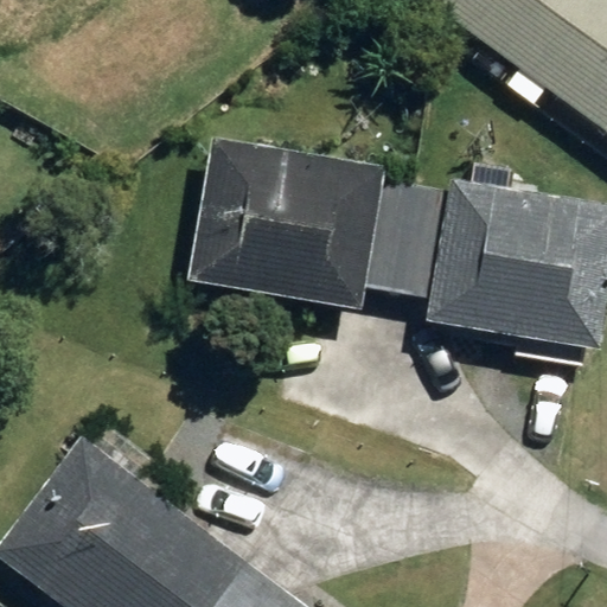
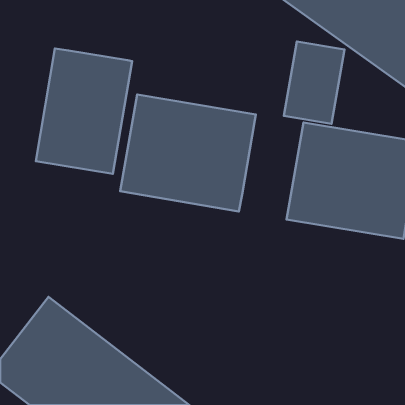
building: none -> [36,48,132,174]
building: [366,177,455,298] -> [284,41,344,124]

